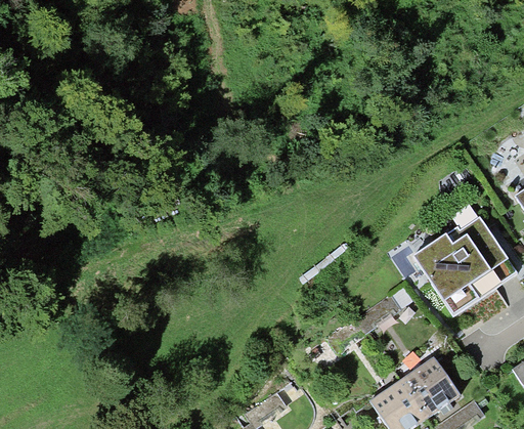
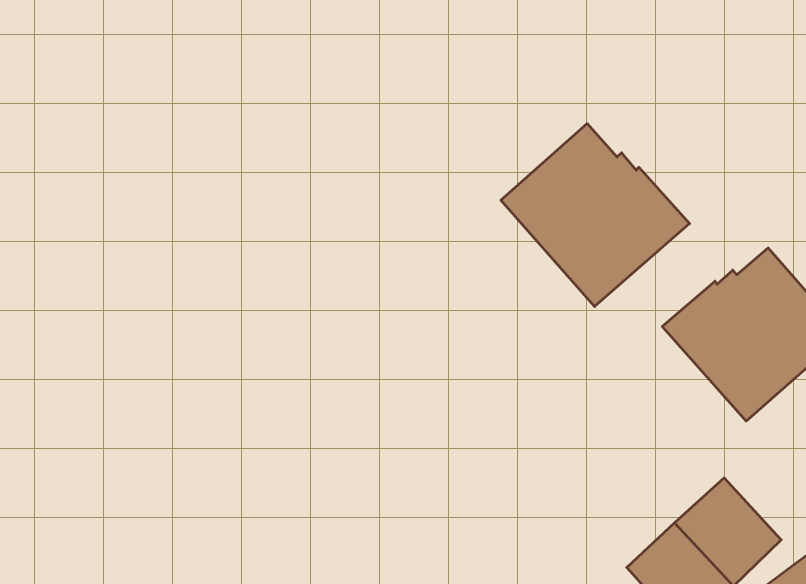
building: none -> [501,124,690,307]

